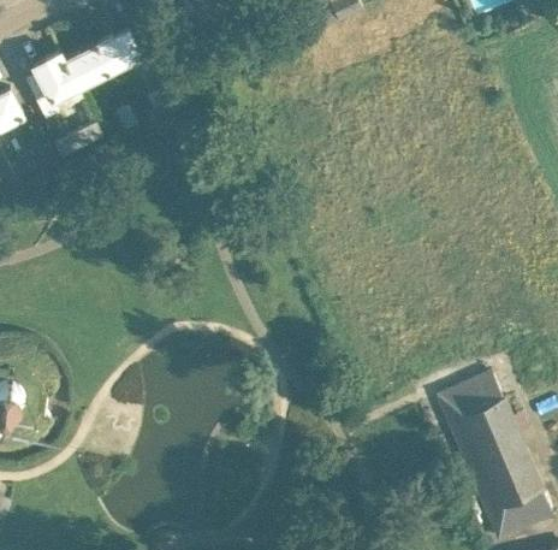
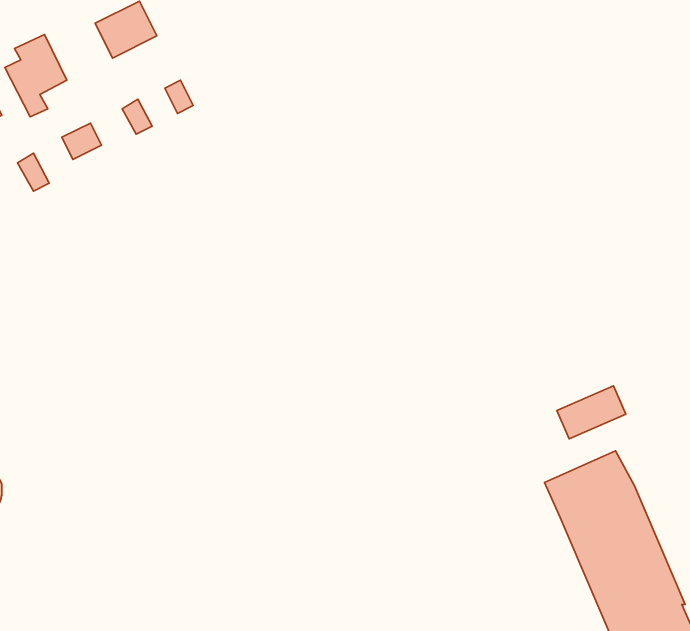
building: [57,48,108,91] -> none
building: none -> [557,386,626,439]

